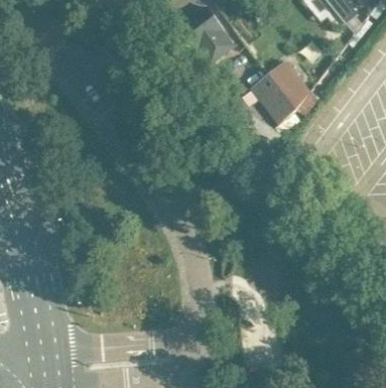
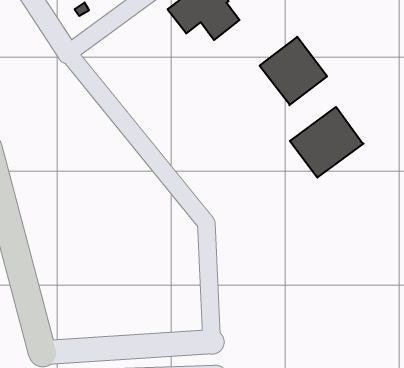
building: none -> [290,107,364,178]

